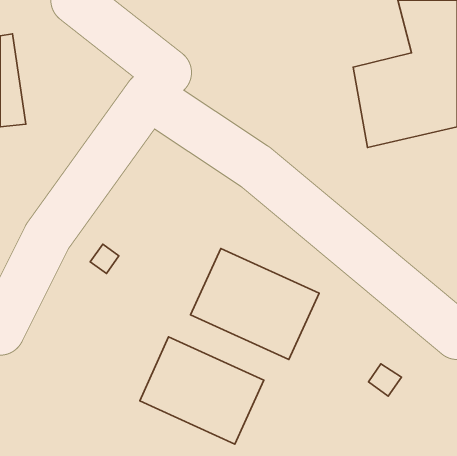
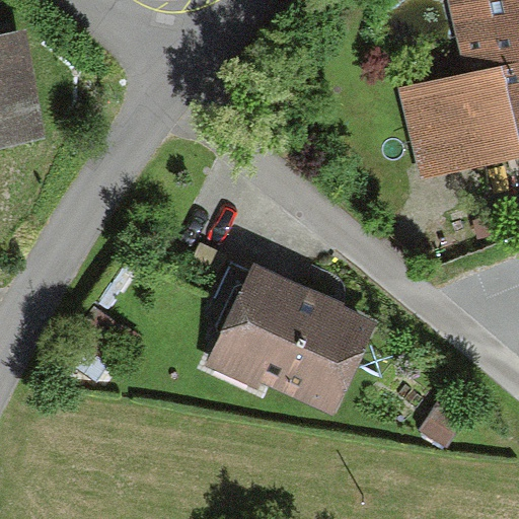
building: [140,337,264,444] -> none

